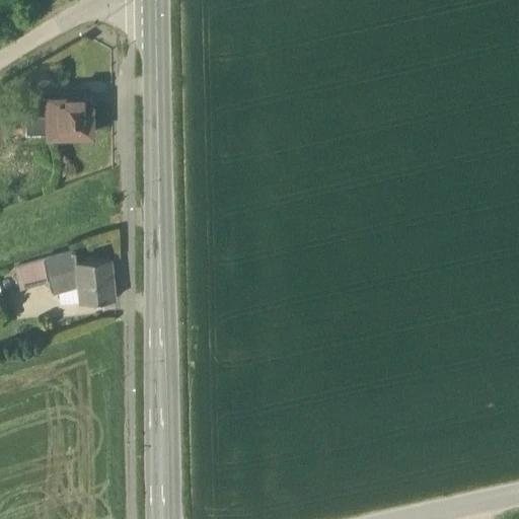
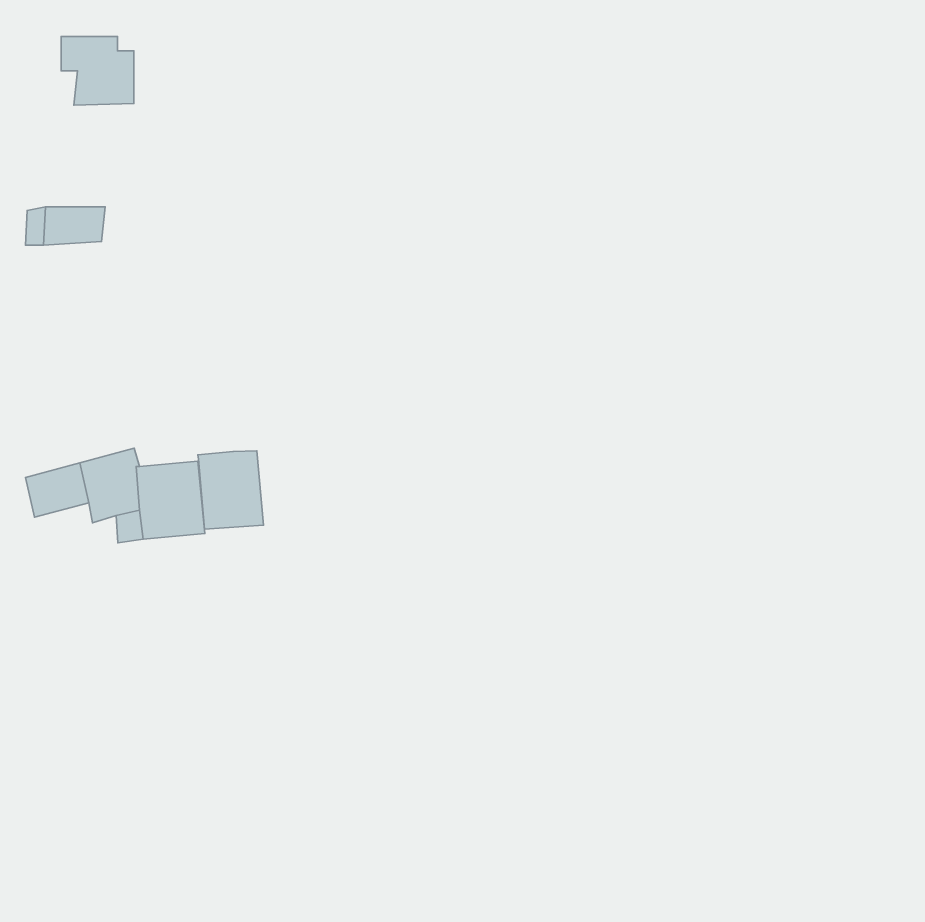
building: [51,99,91,138] -> [61,36,134,105]
building: none -> [198,451,263,529]

